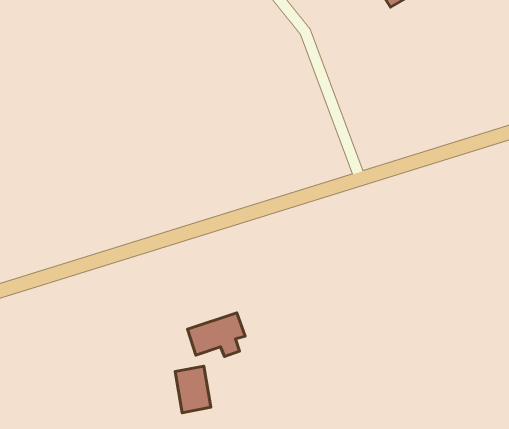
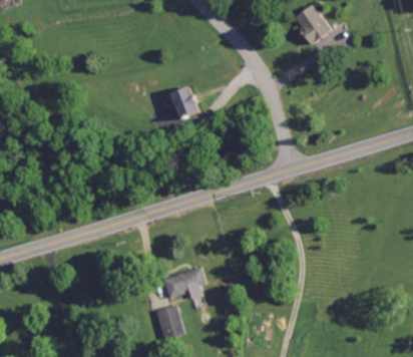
building: none -> [172,85,201,118]

